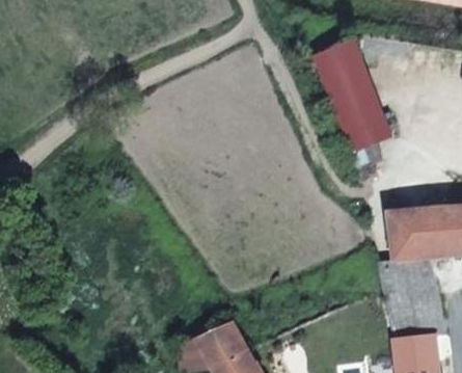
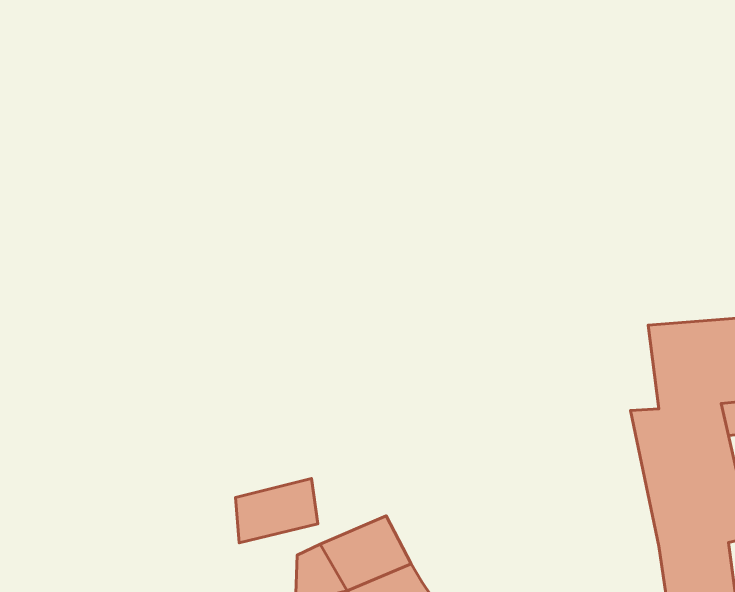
building: [314,38,391,151] -> none
building: none -> [235,478,318,543]

